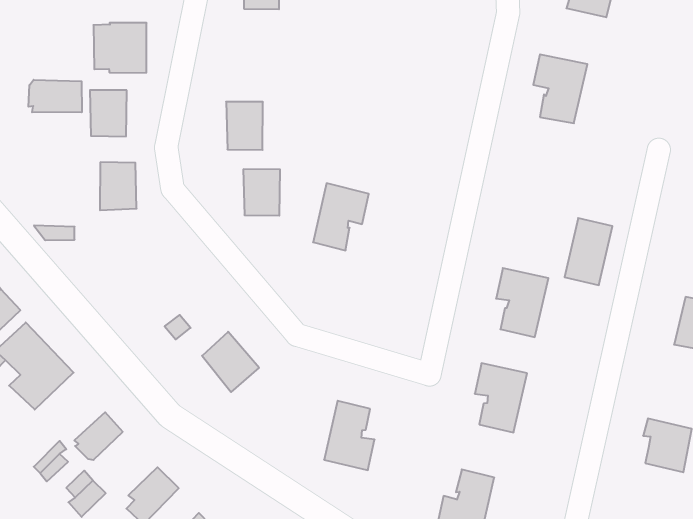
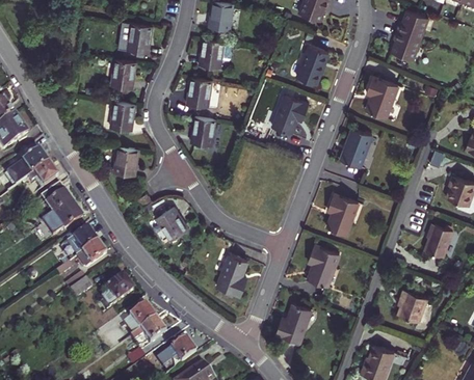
building: none -> [296,46,327,84]
building: none -> [199,37,223,69]
building: [28,80,82,112] -> none
building: [313,183,369,250] -> [272,94,308,134]
building: [565,218,612,285] -> [340,128,371,167]
building: none -> [114,146,138,175]
building: none -> [68,228,97,256]

